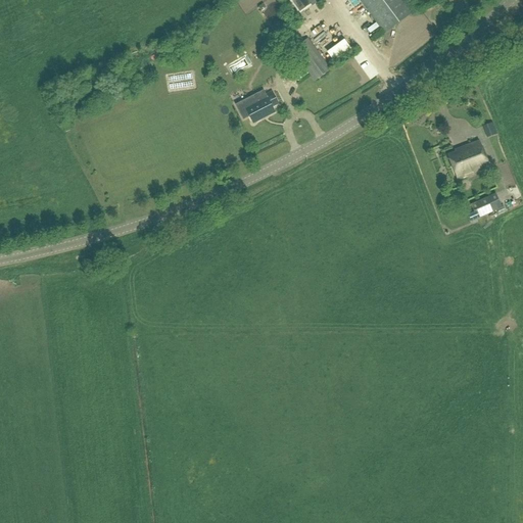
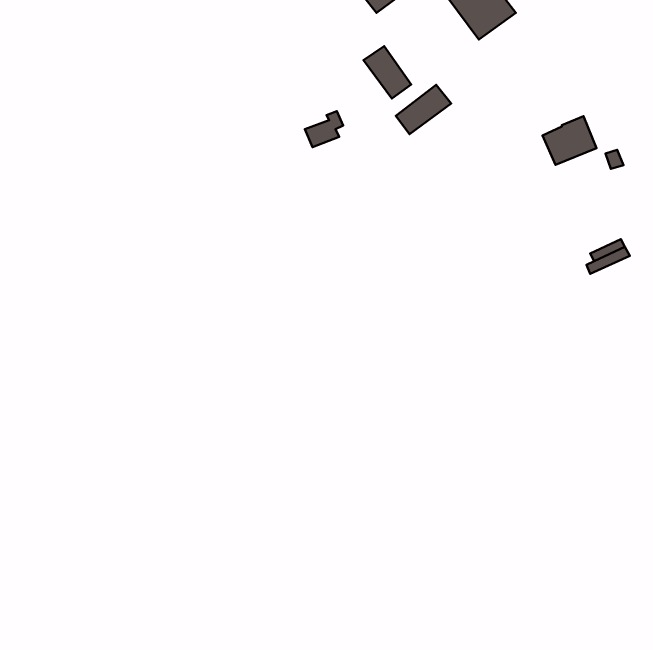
building: none -> [396,85,451,134]
building: [448,137,491,176] -> [543,116,596,165]

